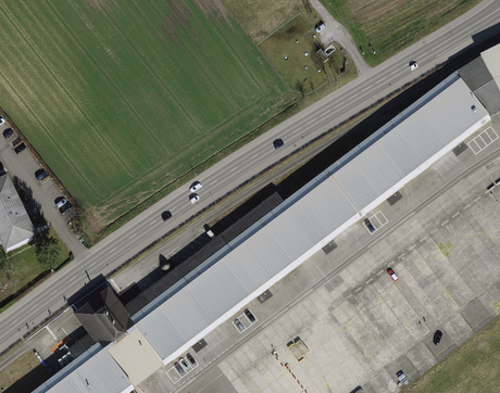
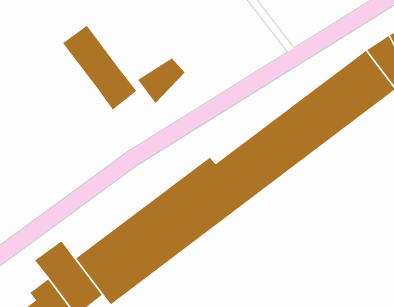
building: none -> [62,25,137,110]
building: none -> [137,57,185,104]

